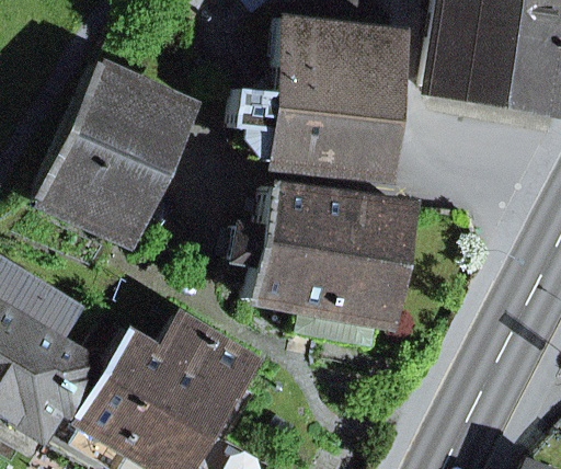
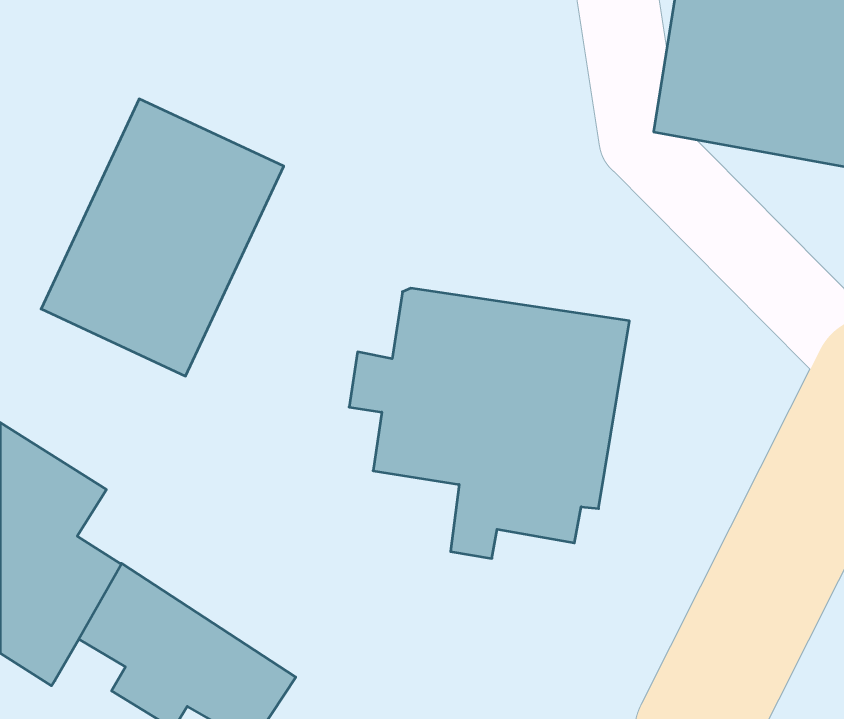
building: [239,16,403,176] -> none
building: [91,318,264,434] -> none

